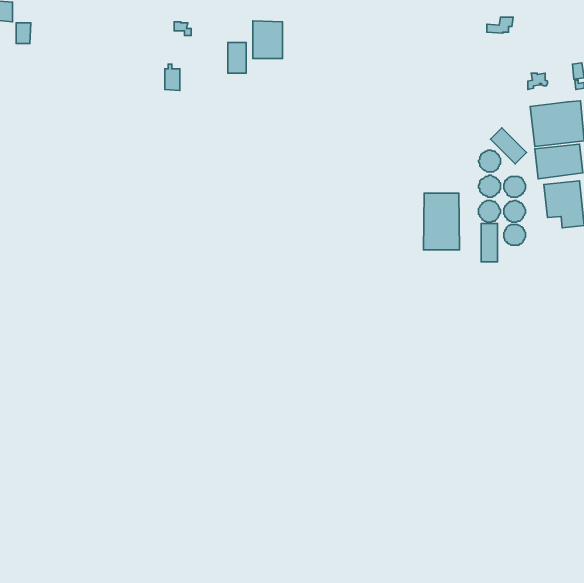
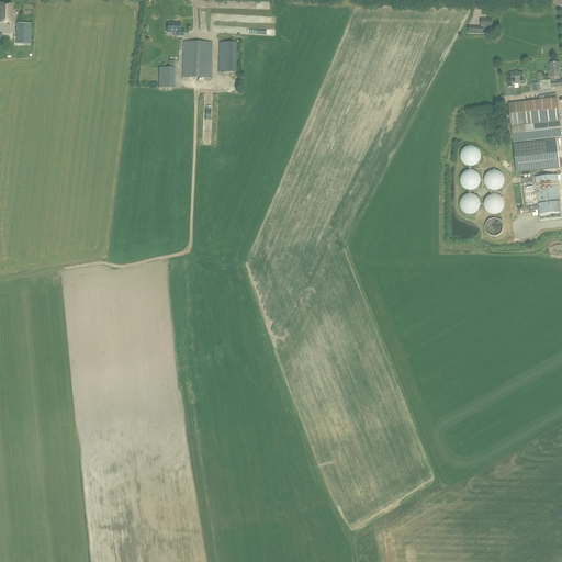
building: [253,21,282,59] -> [182,40,211,76]
building: [491,128,526,164] -> none
building: [423,193,460,250] -> none
building: [481,223,497,262] -> none

